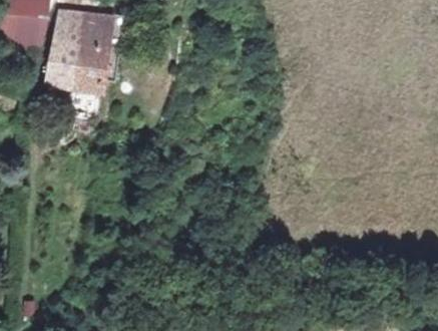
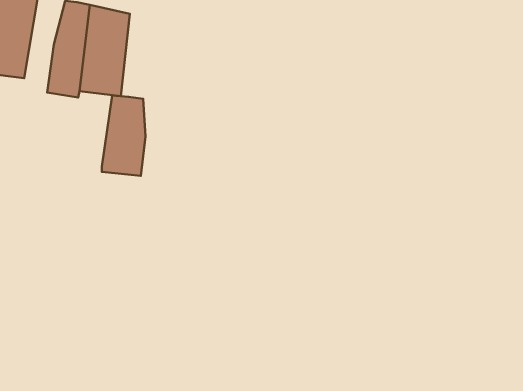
building: none -> [102,96,146,176]

